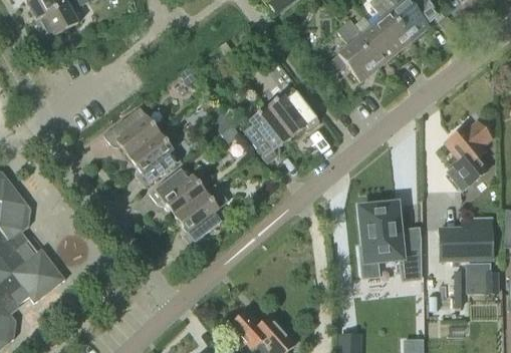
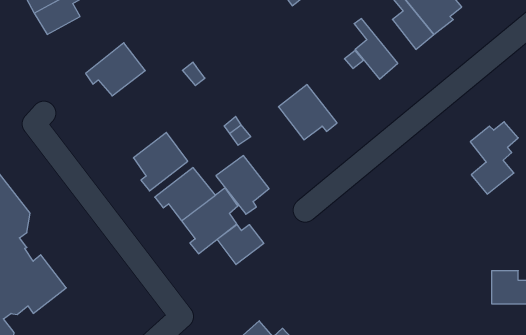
building: [343,18,395,66] -> none
building: [103,105,160,155] -> [86,43,145,96]
building: [239,107,289,162] -> [216,156,269,214]
building: [359,202,420,280] -> none
building: none -> [217,224,264,265]
building: [439,227,492,260] -> none

